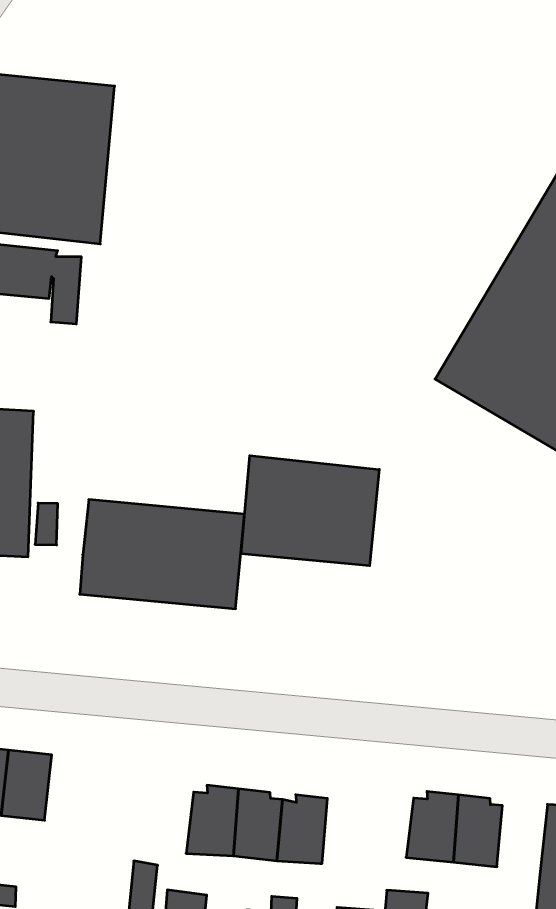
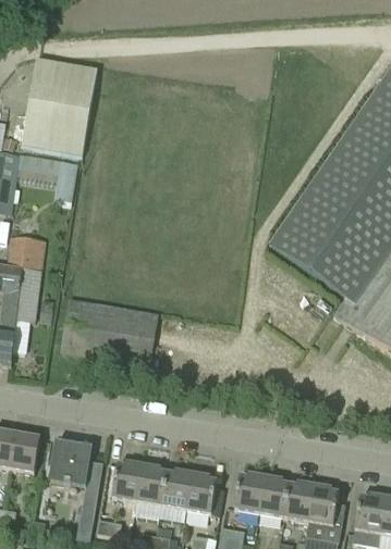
building: [241,456,379,566] -> none
building: none -> [48,439,91,486]
building: none -> [186,472,217,511]
building: none -> [283,481,314,521]

